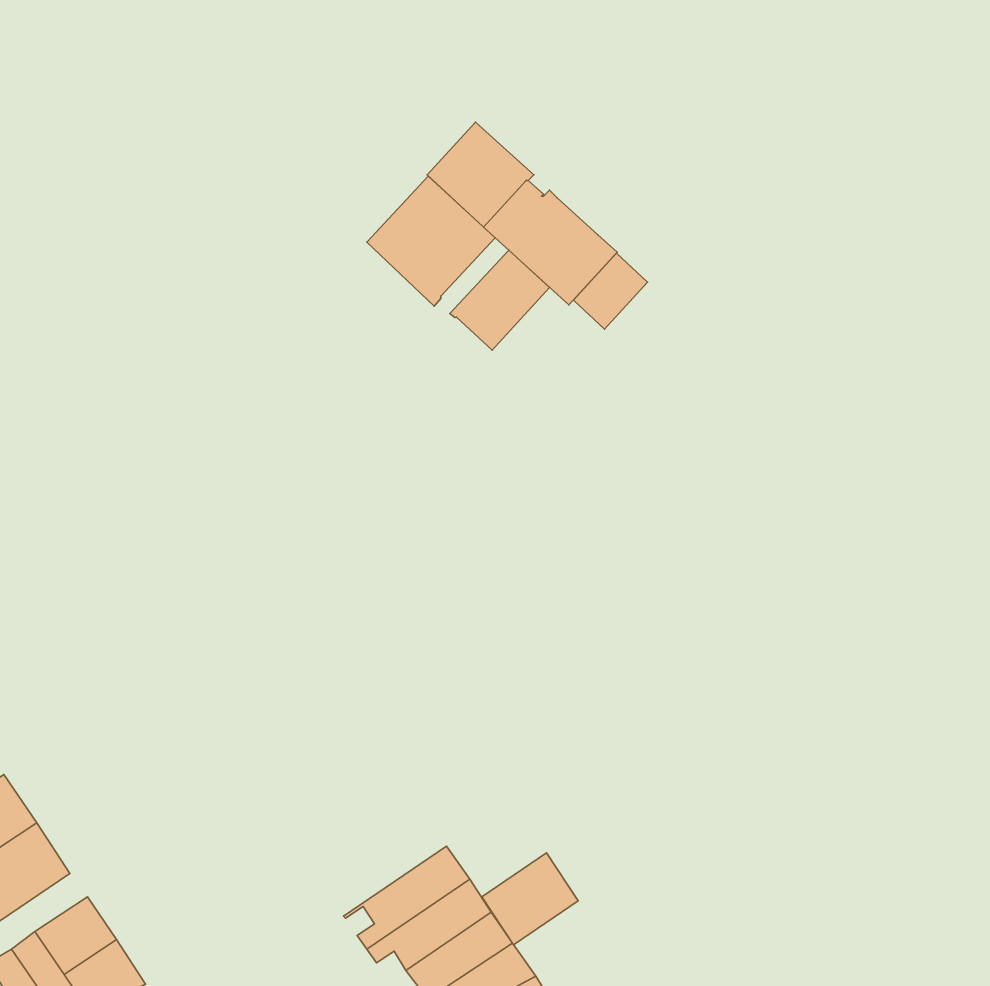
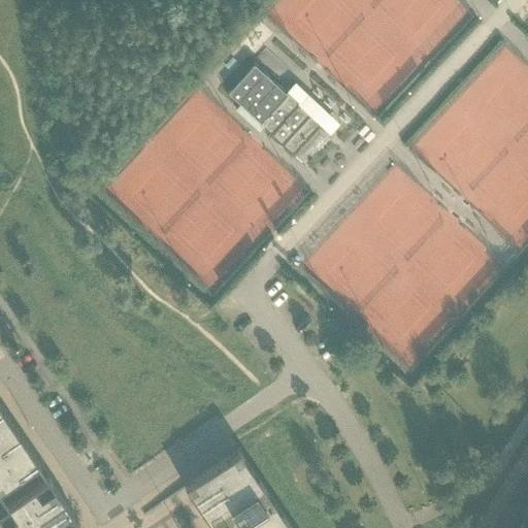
building: [367,176,495,306] -> none
building: [450,250,549,350] -> none
building: [574,253,648,329] -> none
building: [482,853,578,945] -> none

